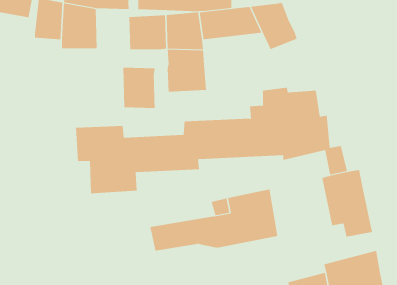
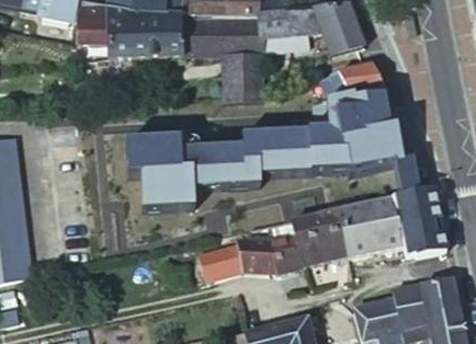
building: none -> [324,65,386,100]
building: [122,67,156,108] -> [144,11,180,56]
building: none -> [333,195,400,260]

